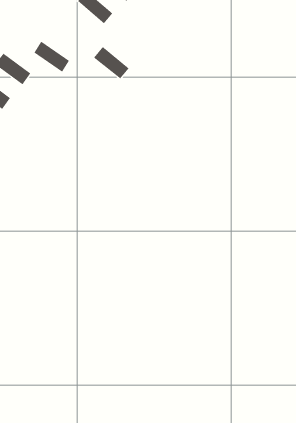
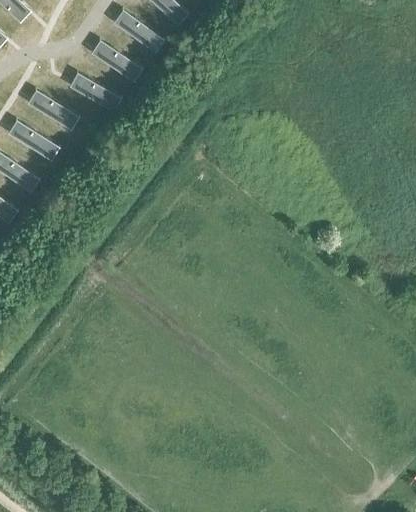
building: [93,46,129,79] -> [97,44,139,79]

